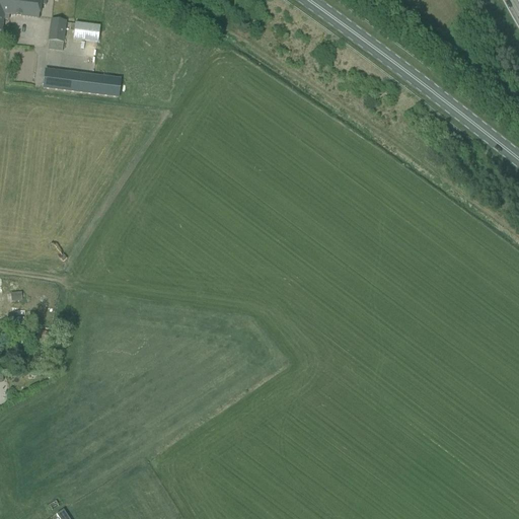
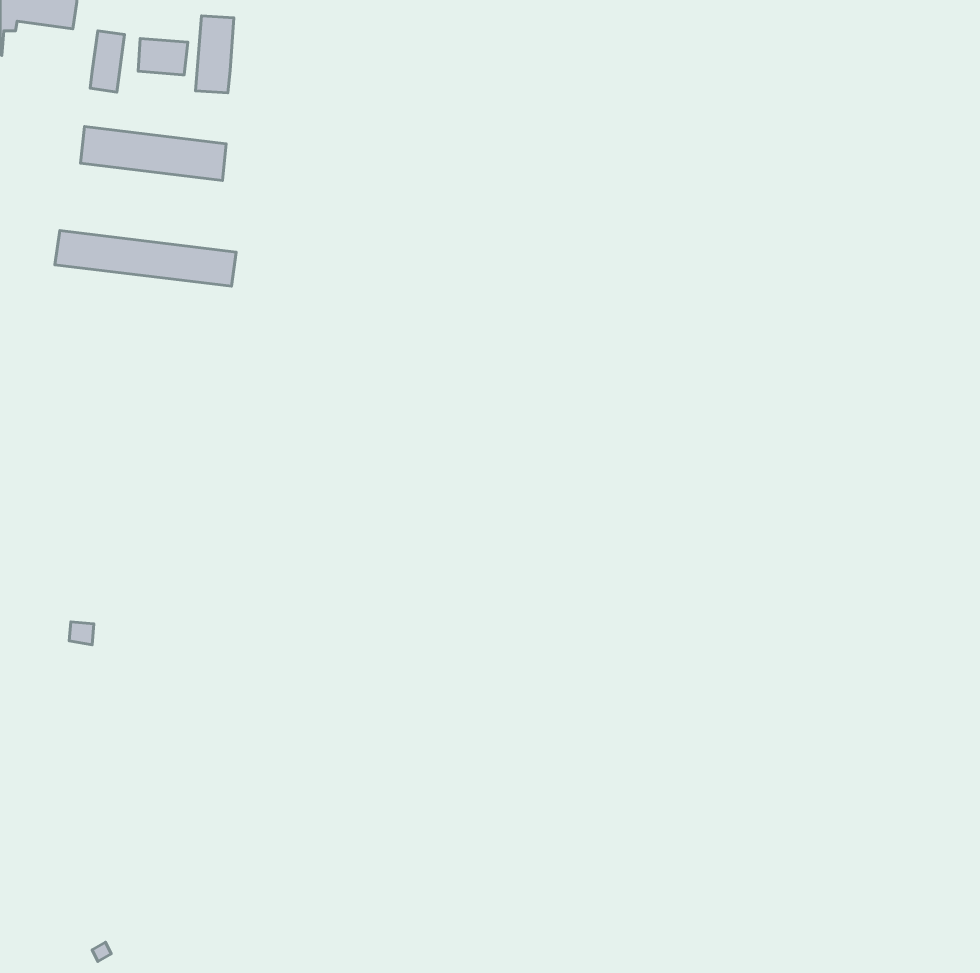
building: none -> [195,16,234,93]
building: none -> [55,231,236,286]

